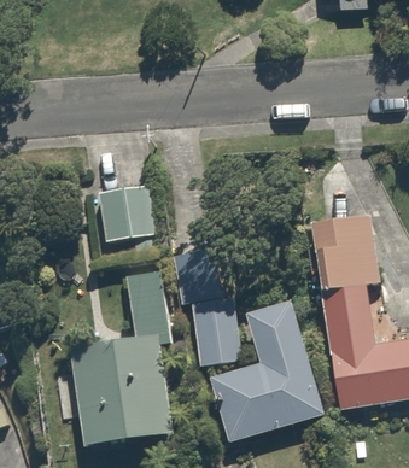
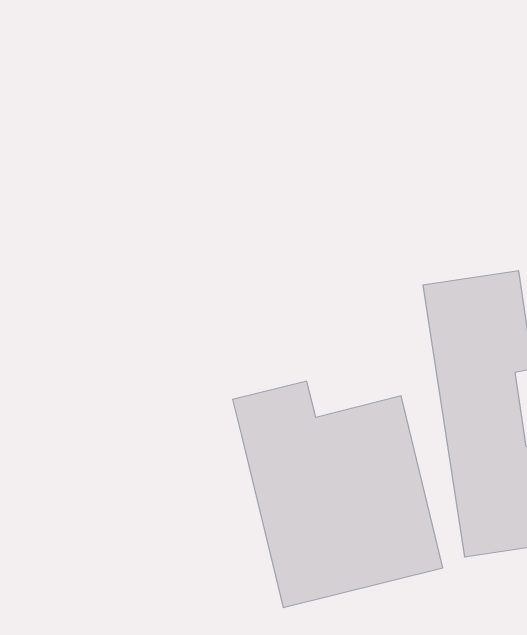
building: [94,177,154,239] -> none
building: [66,270,175,445] -> none

